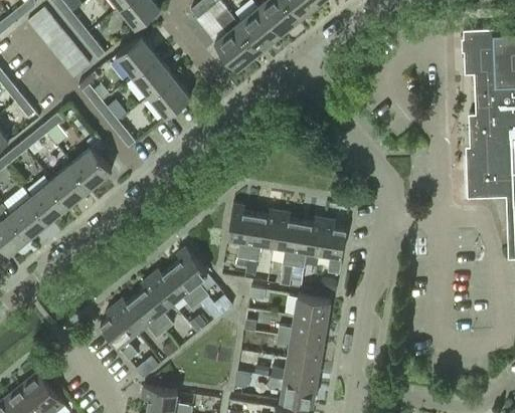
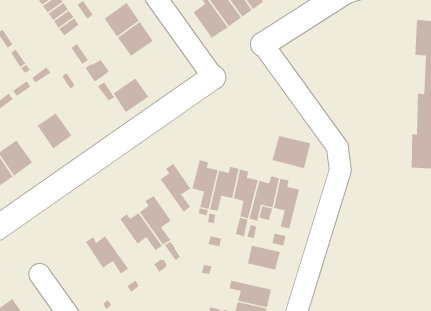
building: [150,77,191,118] -> [112,78,149,113]
building: [71,147,112,188] -> none
building: none -> [272,135,311,169]
building: [30,180,71,221] -> none
building: [136,276,173,331] -> [159,163,192,213]
building: [100,304,138,360] -> none
building: [278,316,327,342] -> none

